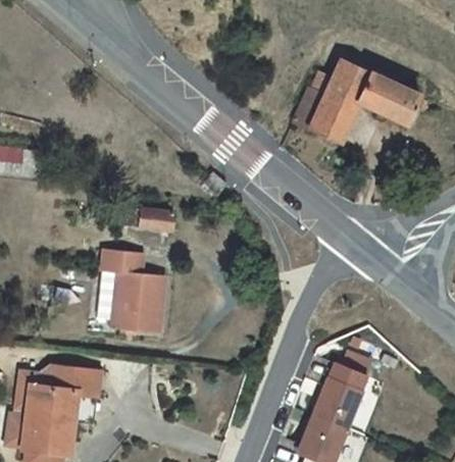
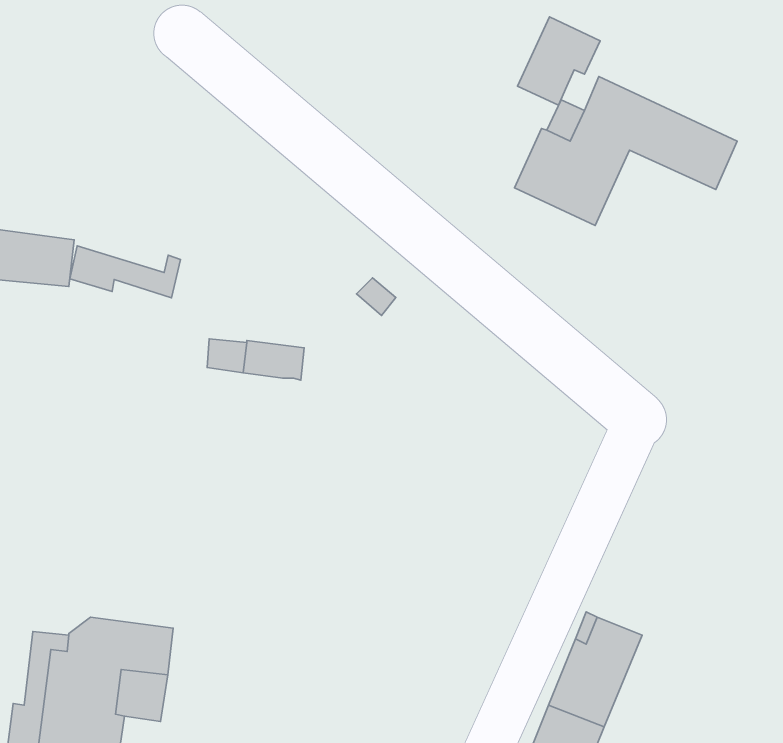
building: none -> [517,17,600,105]
building: none -> [70,246,181,298]
building: [98,251,165,333] -> none

